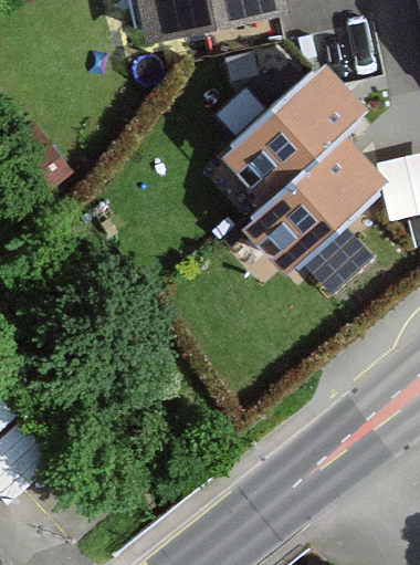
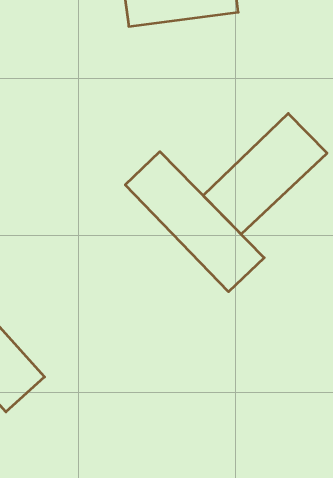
building: [223,64,367,202] -> none
building: none -> [125,152,264,292]

